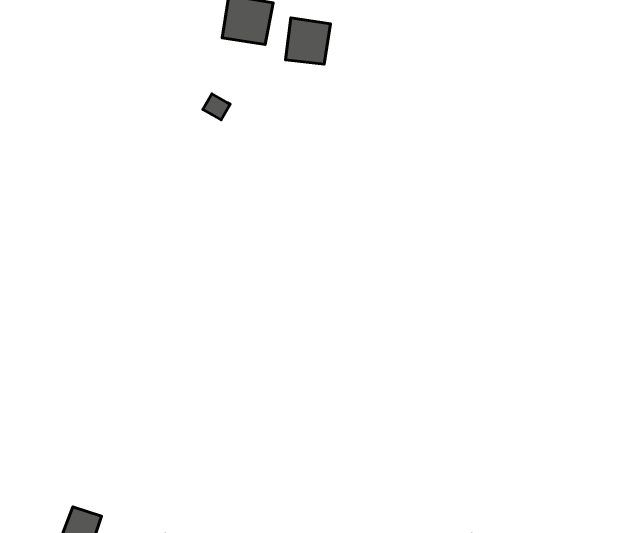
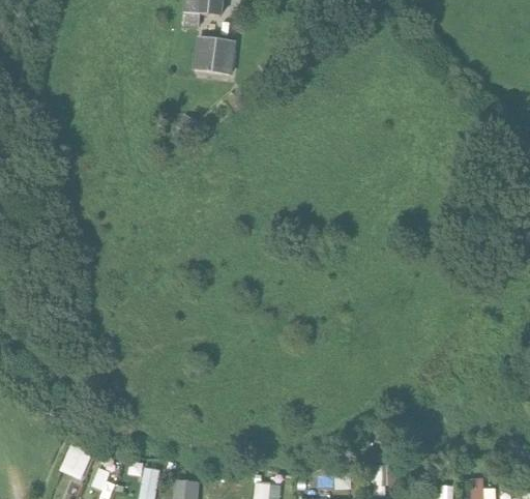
building: [285,18,330,64] -> none

